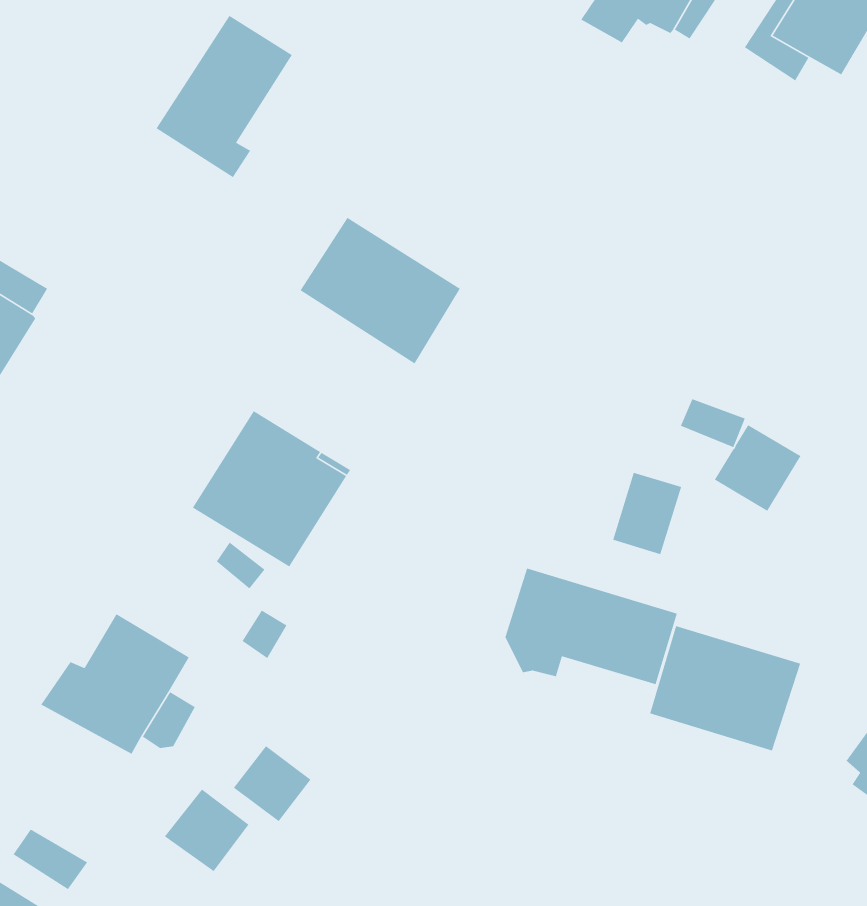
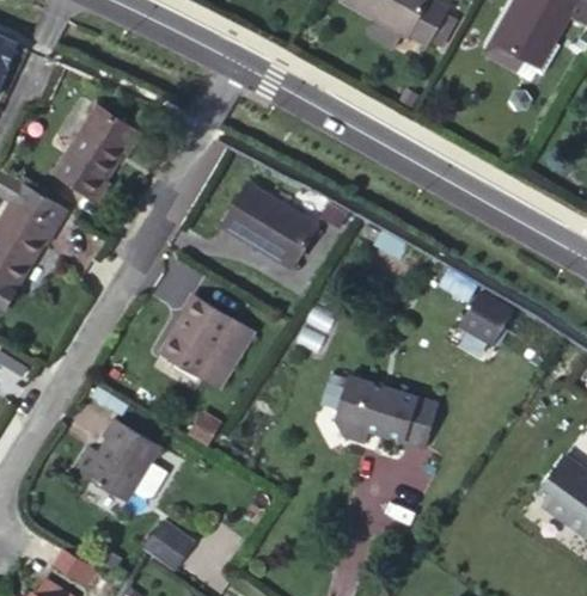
building: [155,15,293,178] -> [50,107,133,205]
building: [612,472,682,555] -> none
building: [649,625,801,752] -> none
building: [233,745,312,822] -> none

